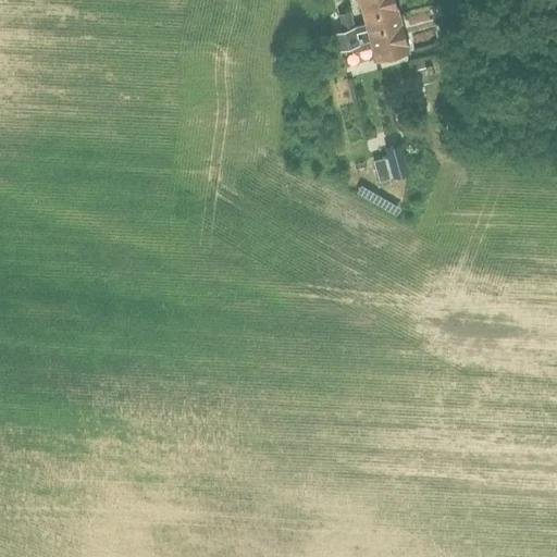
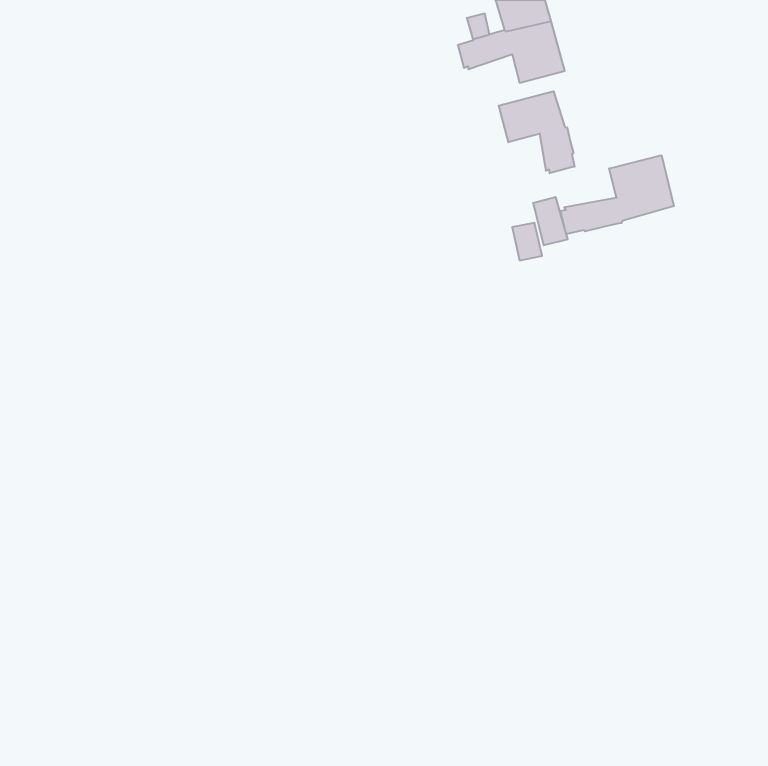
building: none -> [499,91,575,173]
building: none -> [560,155,674,234]

